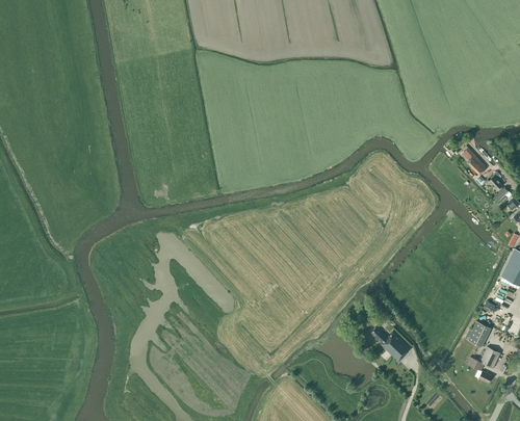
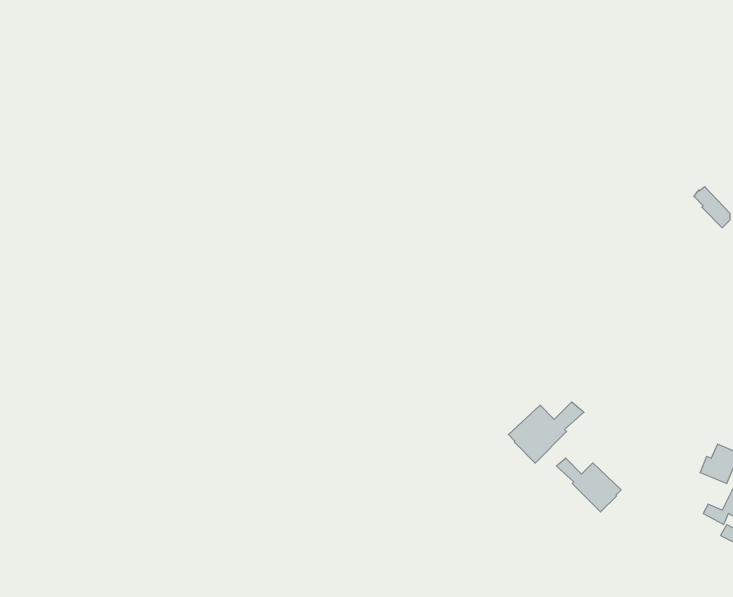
building: none -> [508,402,584,463]

